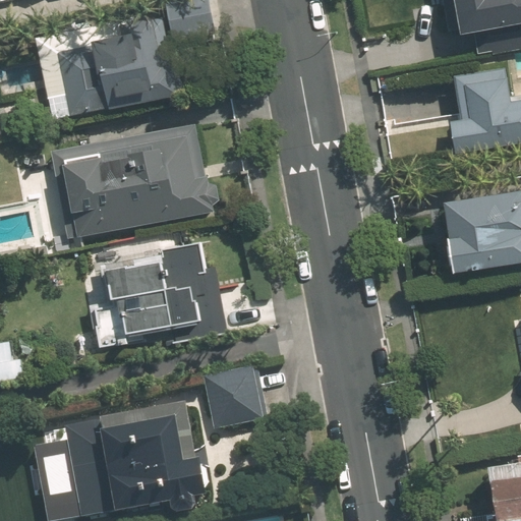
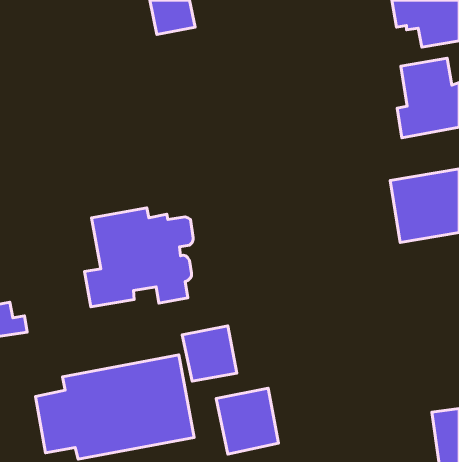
building: [38,12,188,118] -> none
building: [55,121,225,237] -> none
building: none -> [216,388,278,454]

